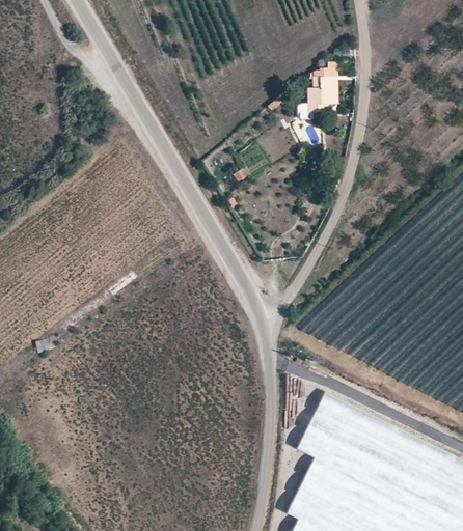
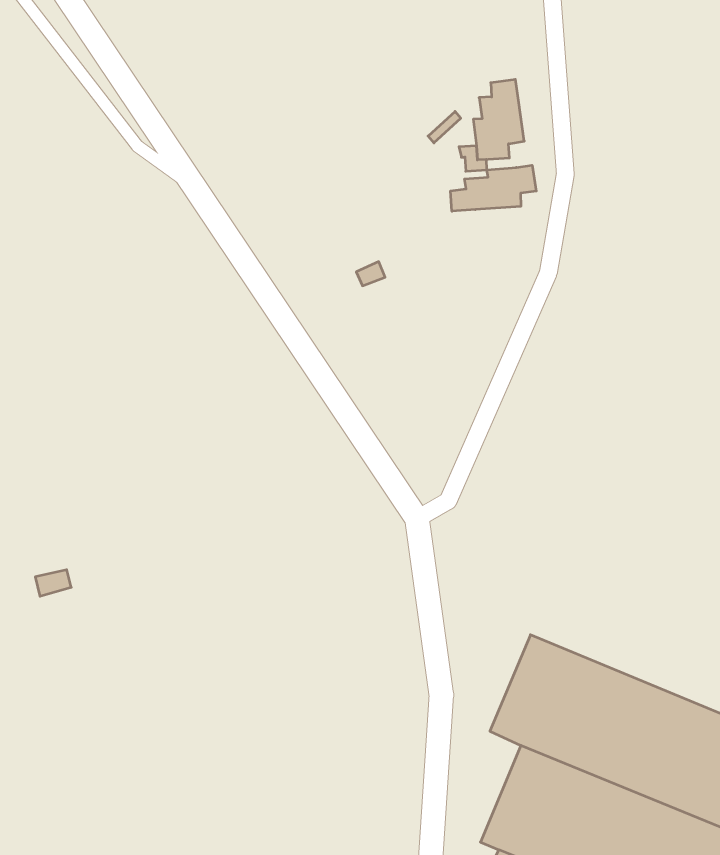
building: none -> [451,165,536,211]

